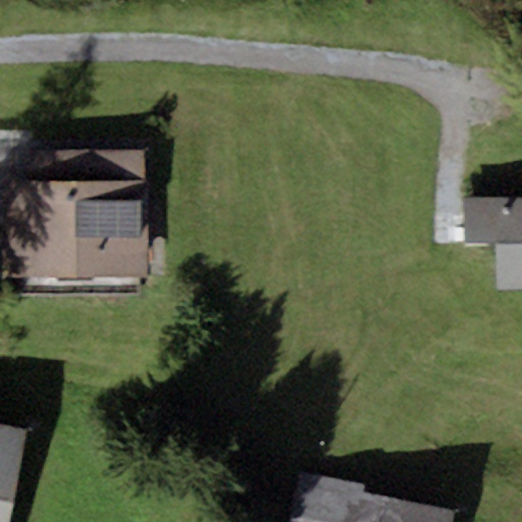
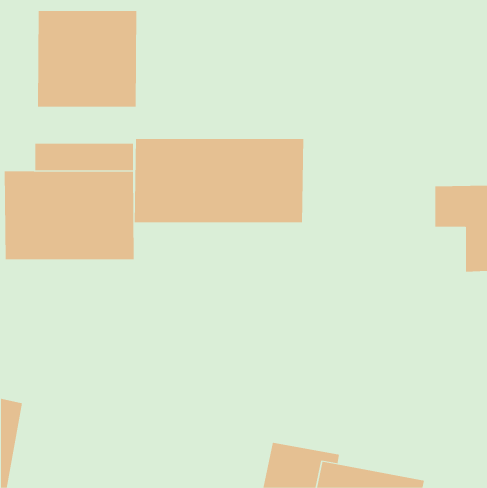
building: none -> [38,10,137,108]
building: none -> [134,138,304,223]

